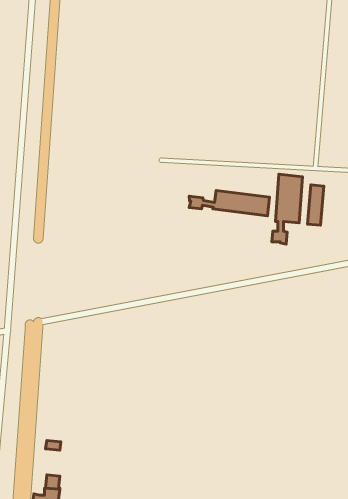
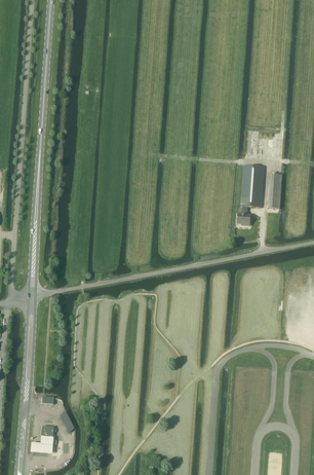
building: [189,191,270,216] -> none

